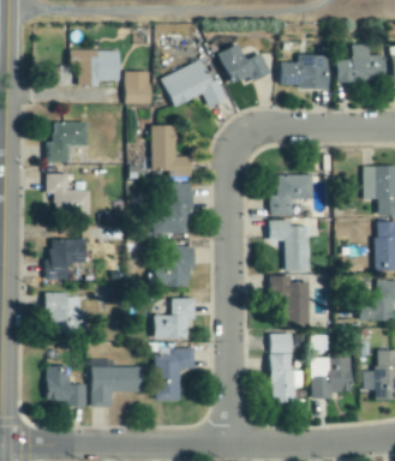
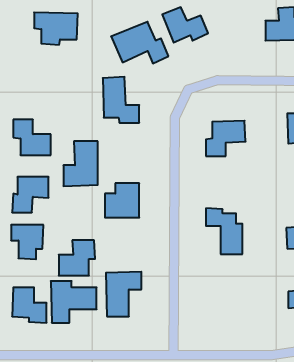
building: [280,54,330,89] -> none
building: [124,71,151,103] -> none
building: [48,121,89,162] -> none
building: [152,182,192,234] -> [63,141,98,186]
building: [269,220,310,271] -> none
building: [154,298,196,339] -> [59,240,95,276]
building: [269,333,304,403] -> none
building: [311,357,353,399] -> none

